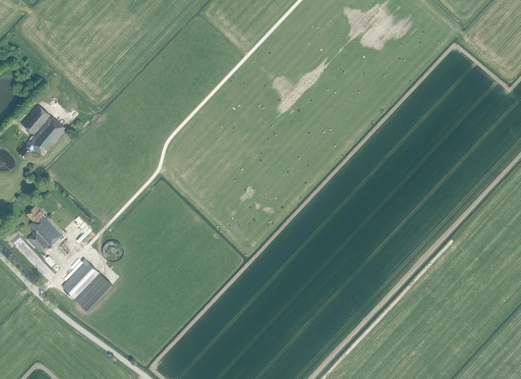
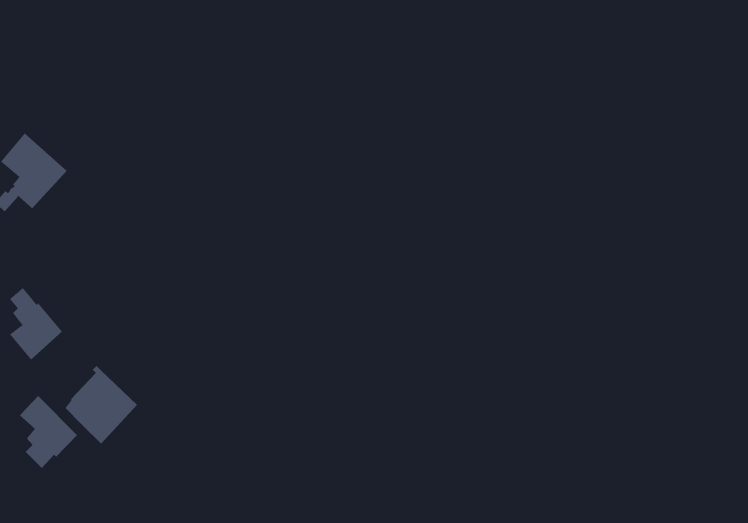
building: none -> [19,395,78,469]

